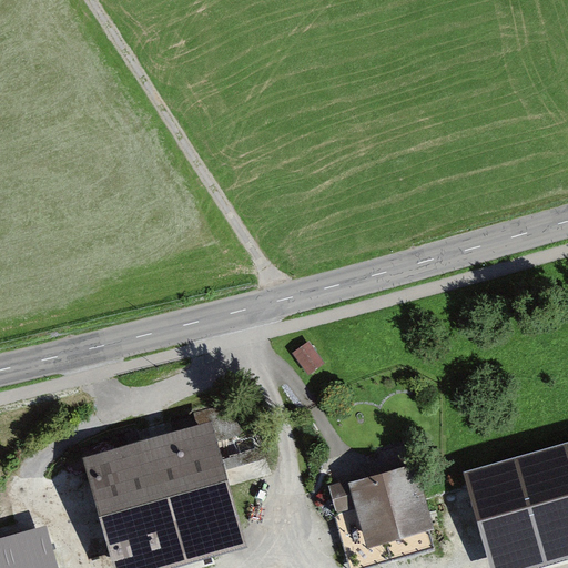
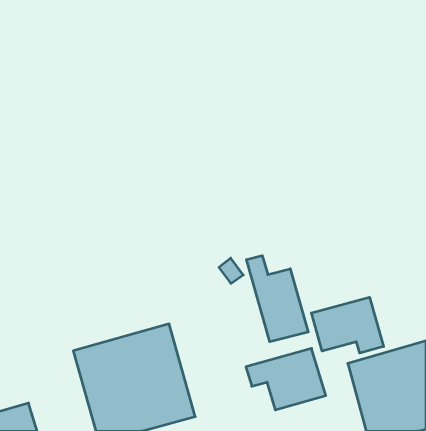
building: none -> [246,256,308,342]
building: none -> [311,297,384,353]

